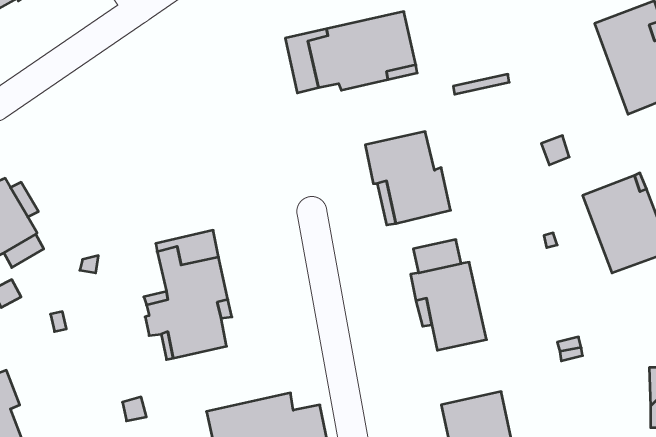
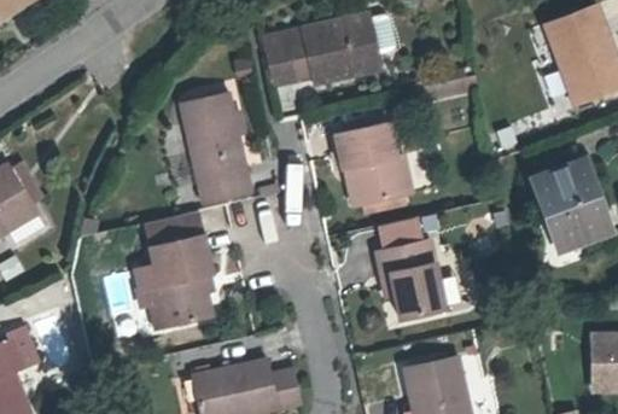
building: none -> [179,92,251,203]

